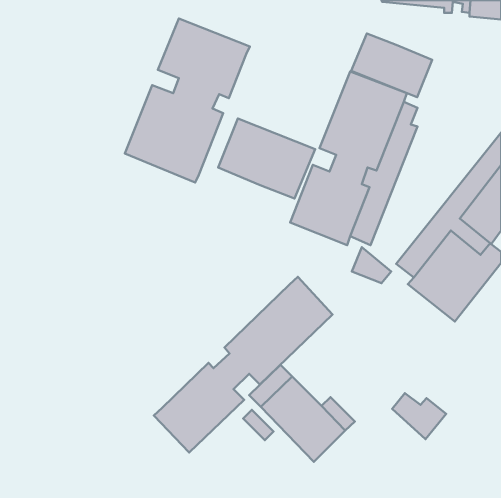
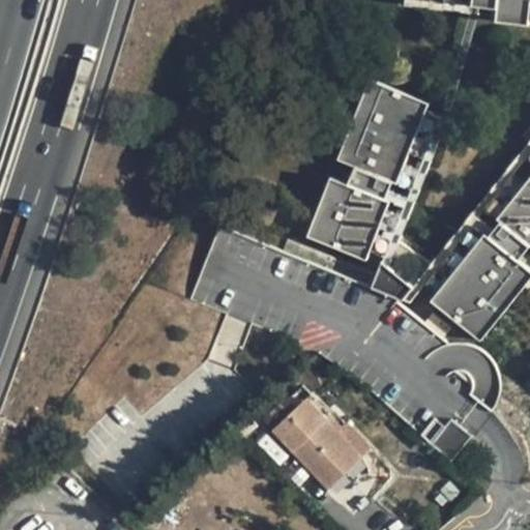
building: [125,18,250,182] -> none
building: [351,33,432,97] -> none
building: [218,118,315,199] -> none
building: [154,277,332,452] -> none

